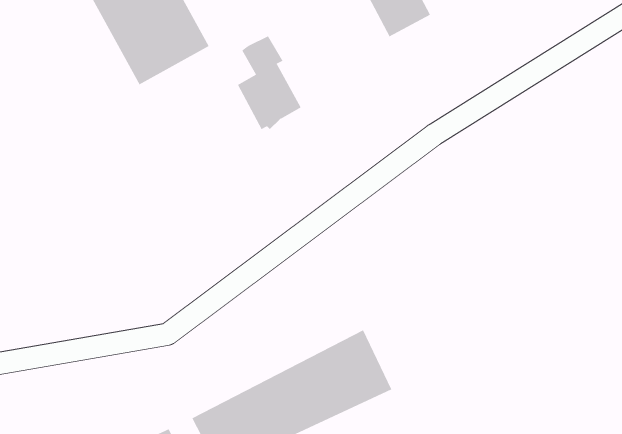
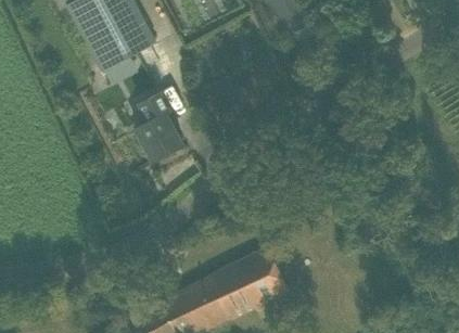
building: [237,35,301,130] -> [136,92,182,161]

